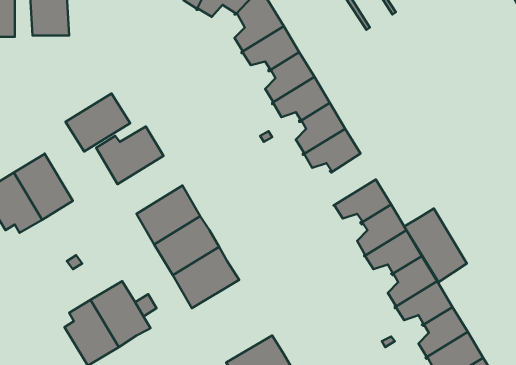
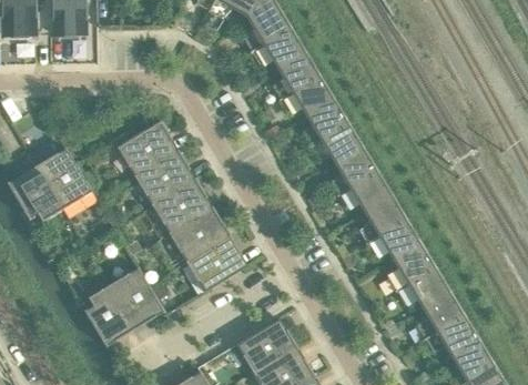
building: [65,94,130,151] -> [134,150,195,204]
building: none -> [331,148,377,196]
building: [404,208,467,282] -> none

